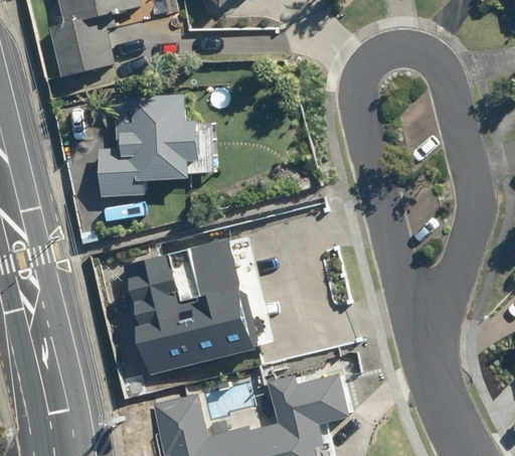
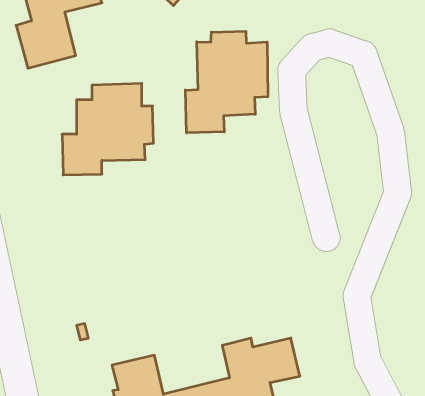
building: none -> [185,31,268,133]
building: [120,239,254,375] -> none

